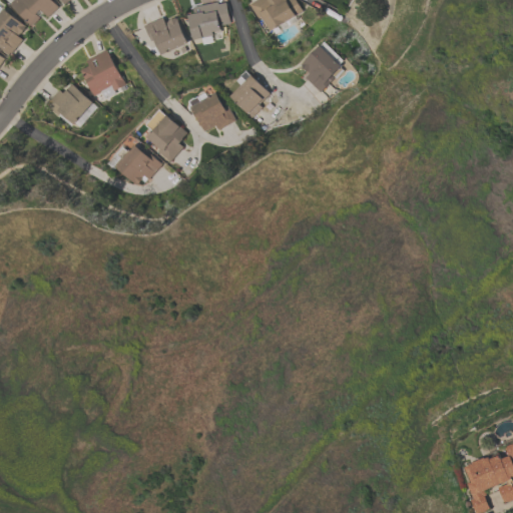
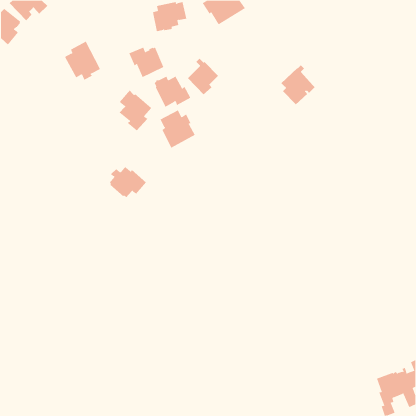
building: [143,17,187,55] -> [128,47,164,78]
building: [301,42,344,92] -> [280,64,315,105]
building: [45,83,92,124] -> none
building: none -> [160,110,195,148]
building: [114,144,161,183] -> [109,166,147,198]

